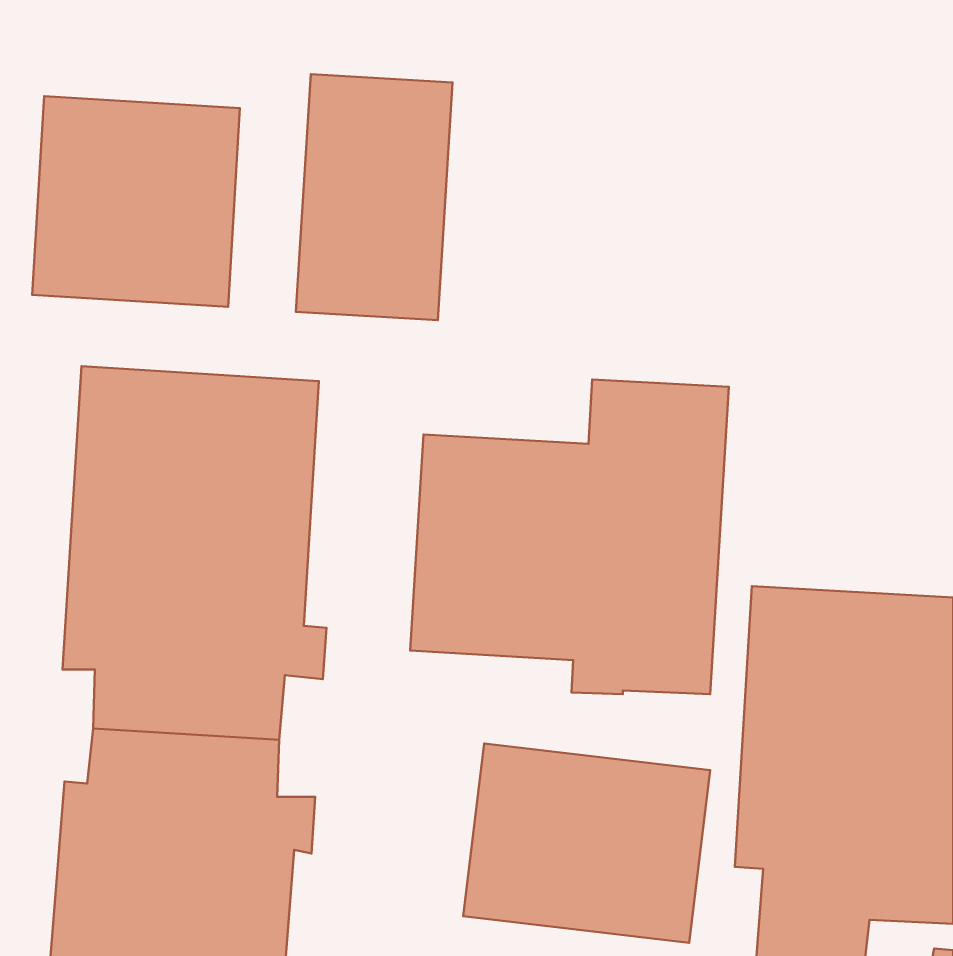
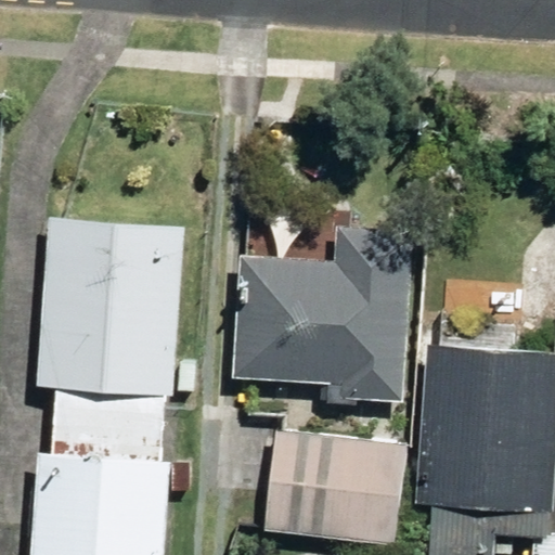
building: [296,74,453,320] -> none
building: [32,96,240,307] -> none

